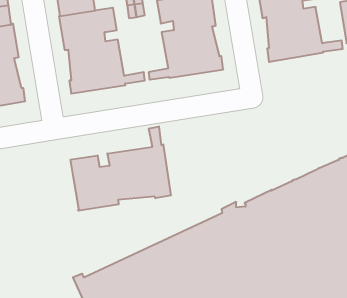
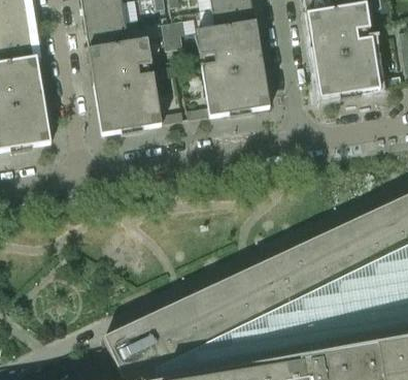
building: [71,126,171,211] -> none

